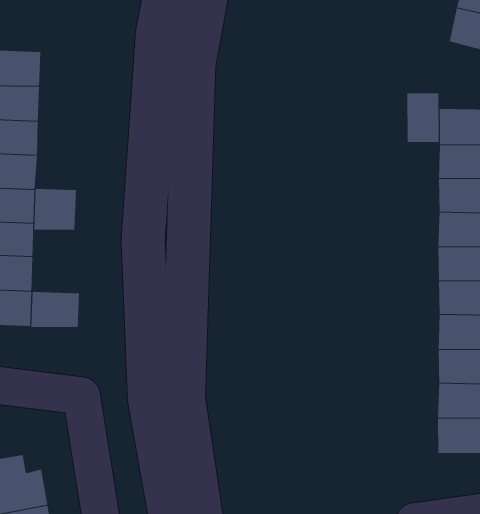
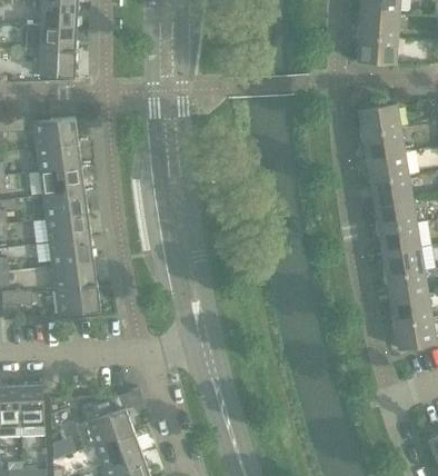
building: [407,92,439,143] -> none
building: [34,188,76,231] -> none
building: [31,291,80,328] -> none

